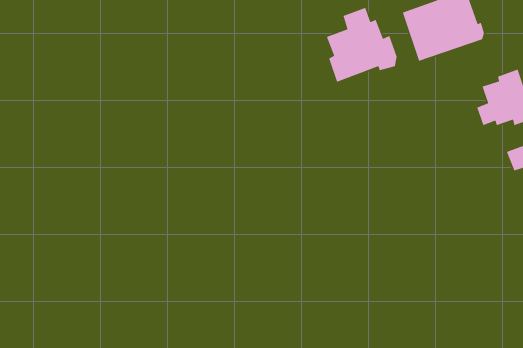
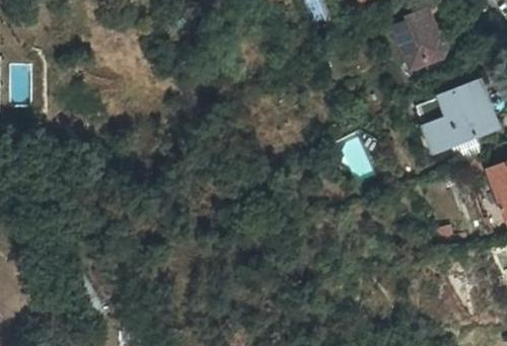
building: [326,7,398,83] -> none

